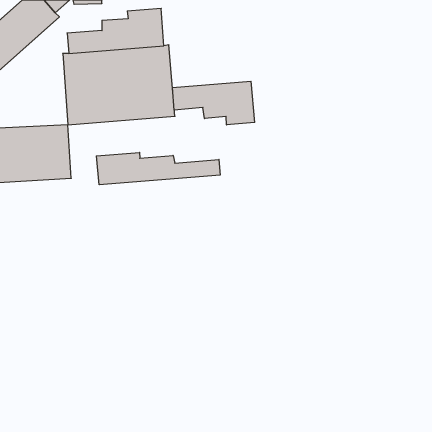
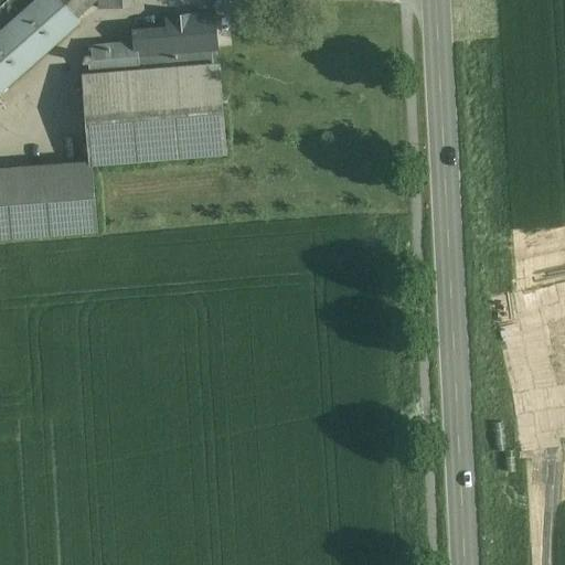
building: [173,81,255,125] -> none
building: [96,152,220,185] -> none

